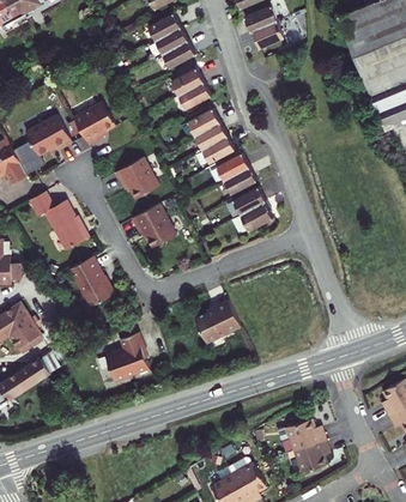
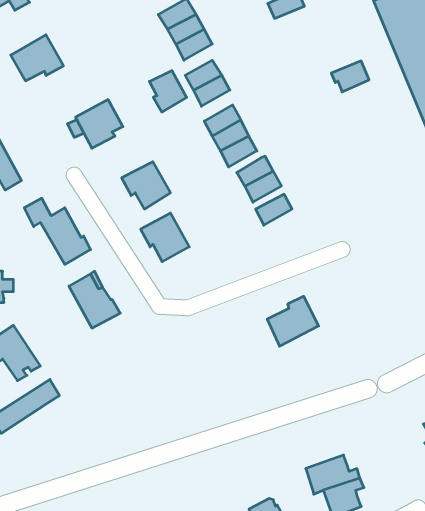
building: [250,20,284,48] -> [331,61,369,92]
building: none -> [149,71,187,112]
building: [26,115,73,156] -> [11,35,63,81]
building: [241,200,273,231] -> none
building: [195,298,241,343] -> [267,296,319,346]
building: [104,332,149,381] -> none

